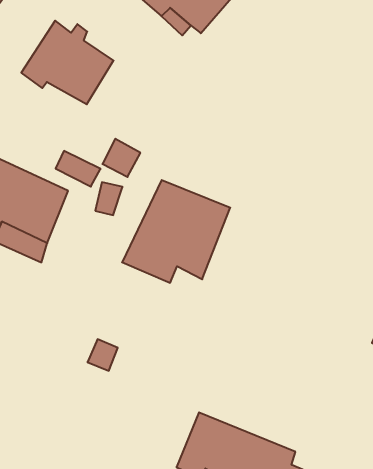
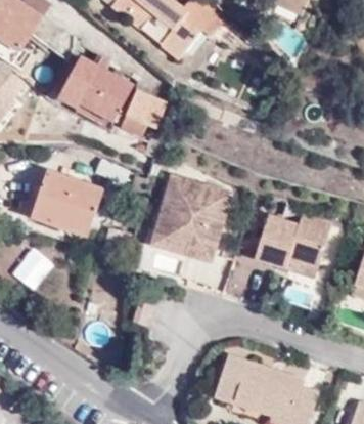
building: none -> [121,91,165,138]
building: none -> [256,212,329,273]

